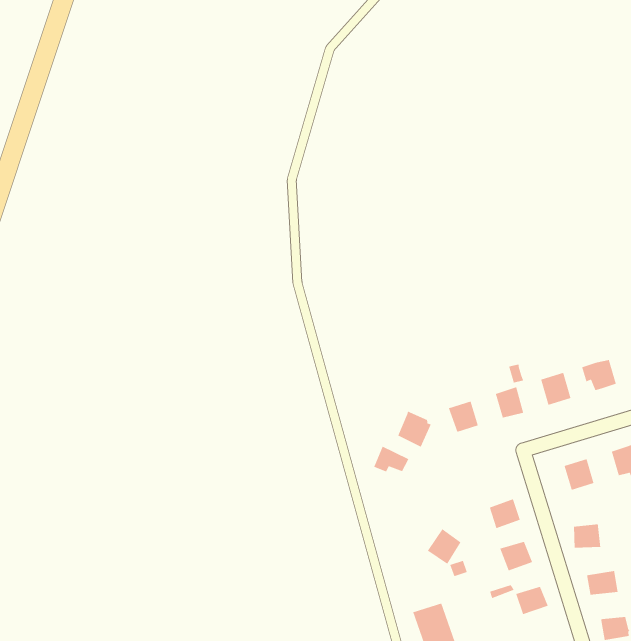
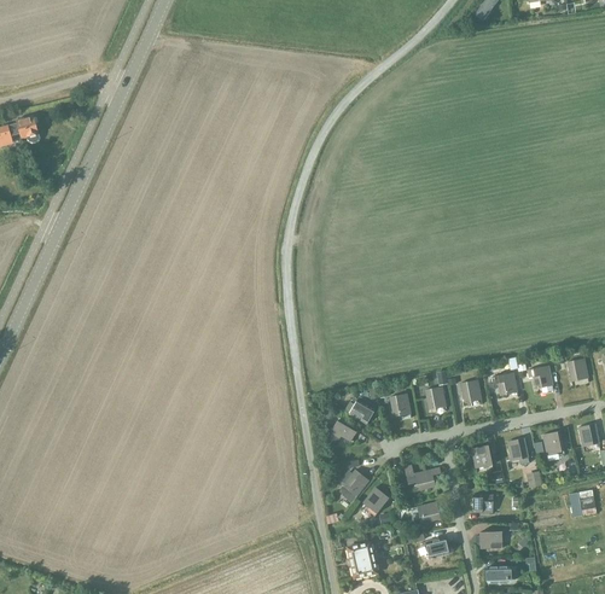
building: none -> [341,468,370,501]

